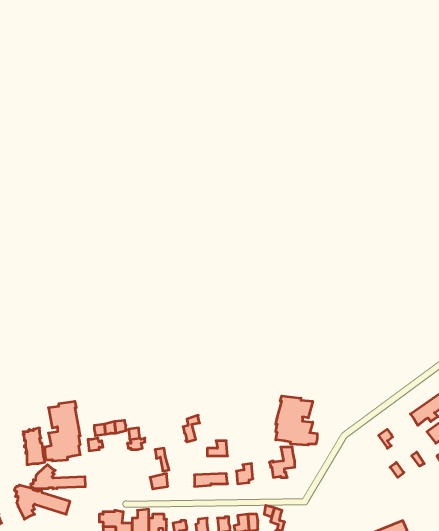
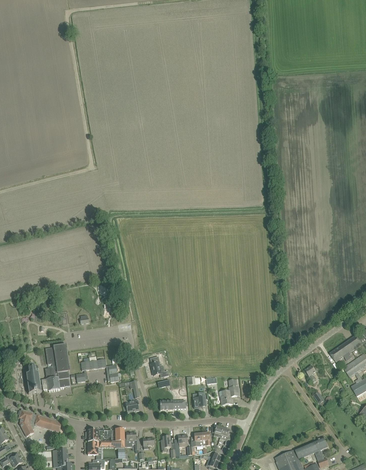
building: [276,396,317,445] -> none
building: [31,465,85,489] -> none

